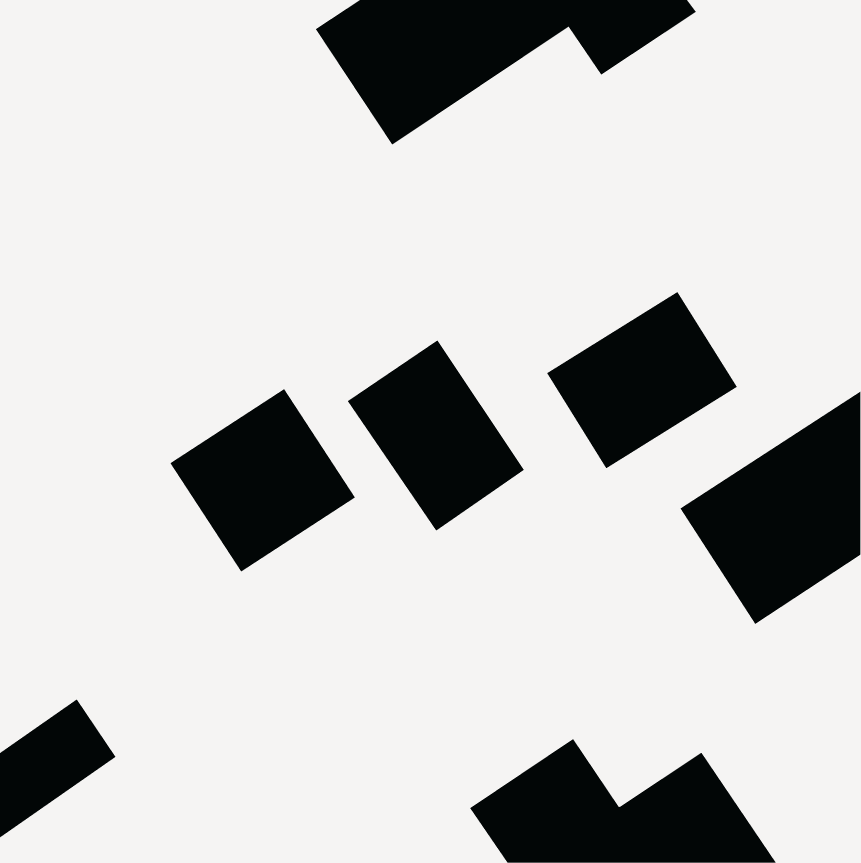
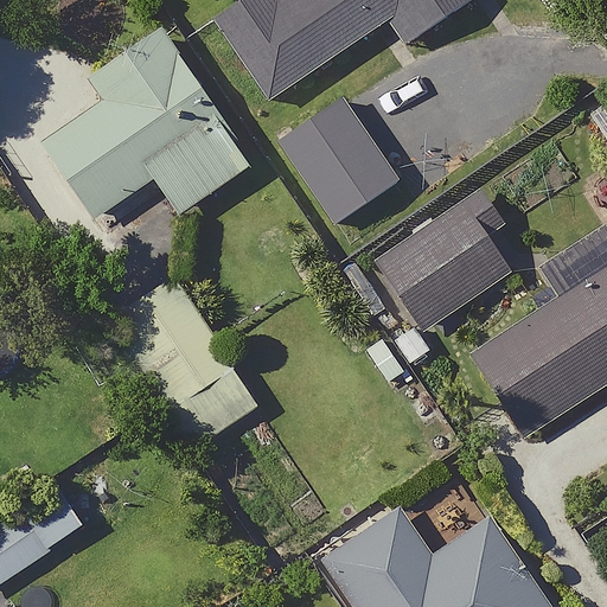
building: none -> [41,30,253,219]
building: [347,340,525,531] -> [281,102,404,235]
building: [170,388,356,573] -> none

